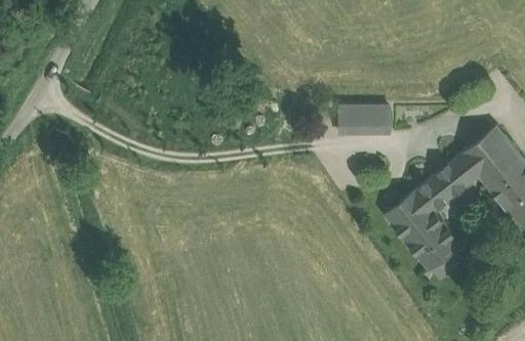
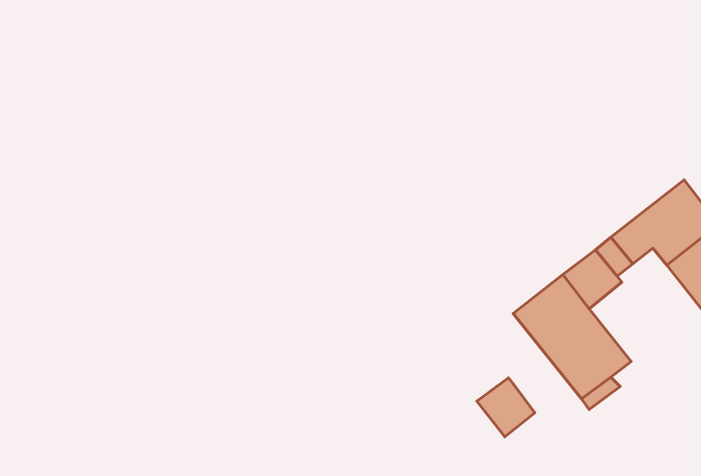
building: [340,109,391,134] -> none
building: none -> [477,378,535,437]

